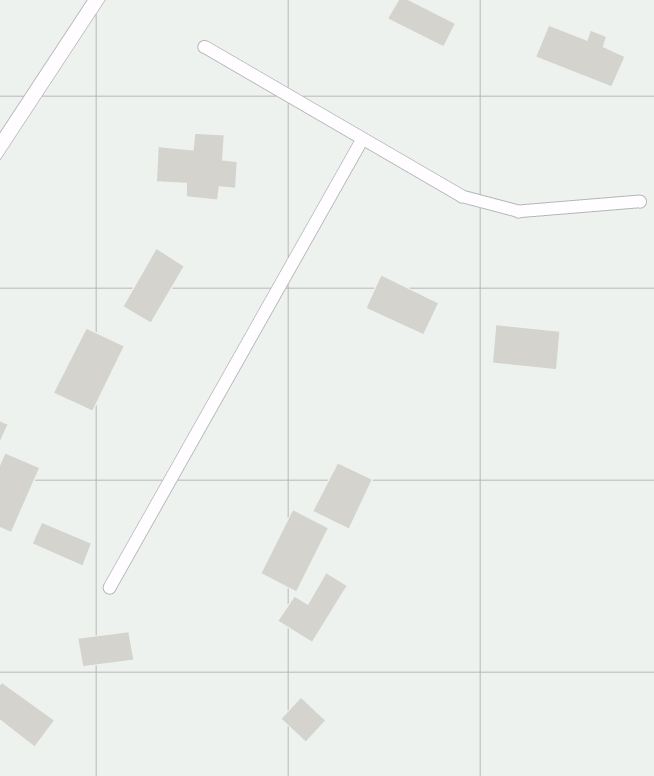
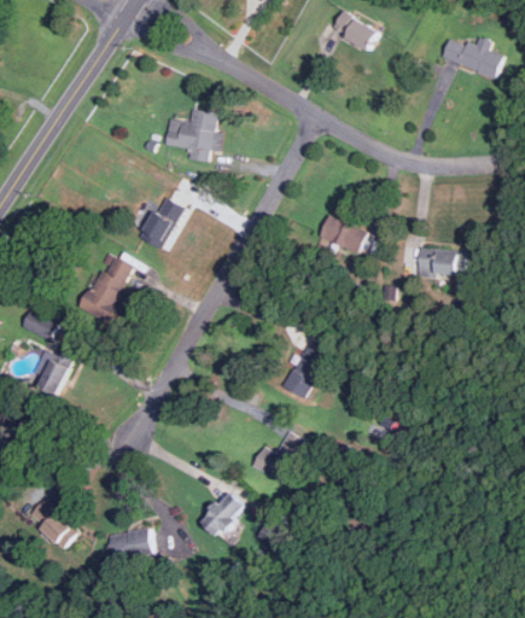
building: [261,509,328,592] -> none
building: [32,522,92,566] -> none
building: [78,632,134,667] -> [101,530,142,555]
building: none -> [205,492,246,535]

